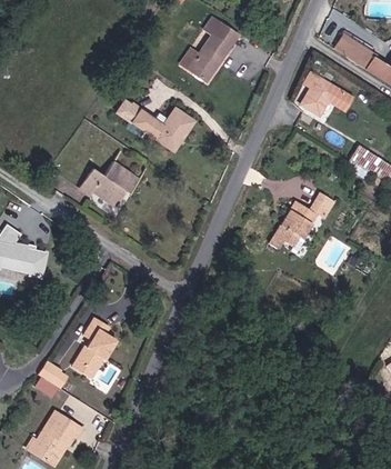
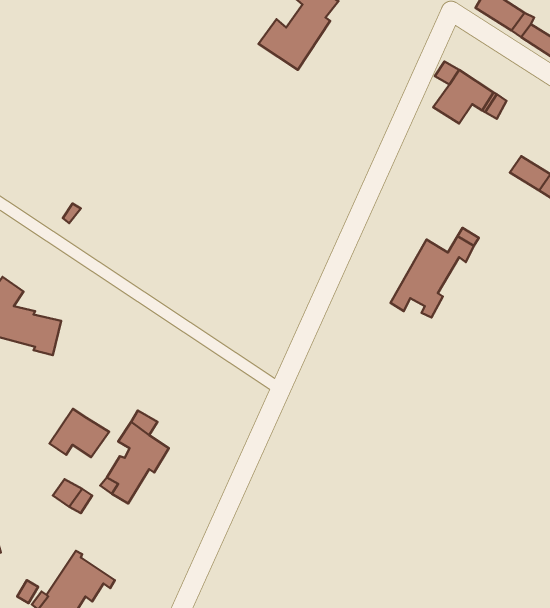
building: [129,109,193,152] -> none
building: [79,162,139,207] -> none
building: none -> [50,409,109,457]

